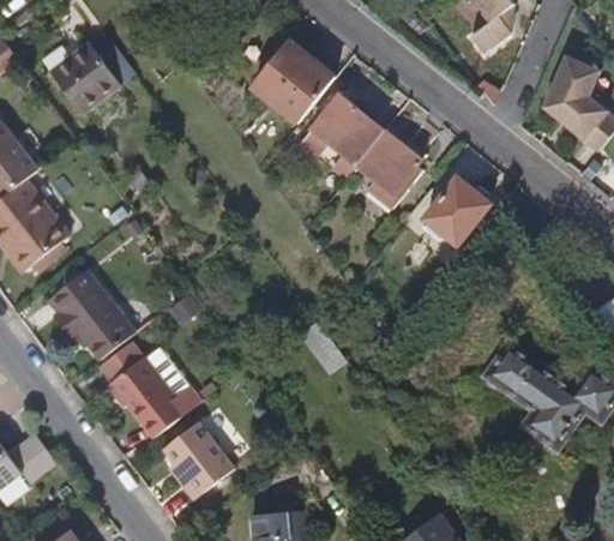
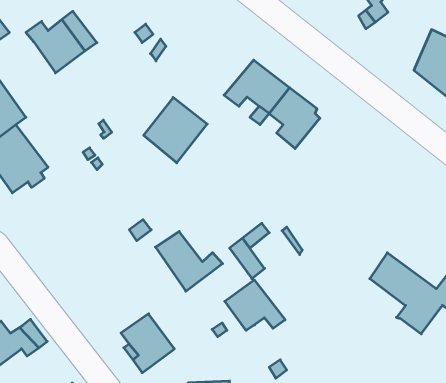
building: [249,40,332,125] -> [144,97,207,163]
building: [426,179,489,246] -> none
building: [53,268,137,359] -> none
building: [113,357,200,435] -> [155,231,223,291]
building: none -> [225,280,285,330]

